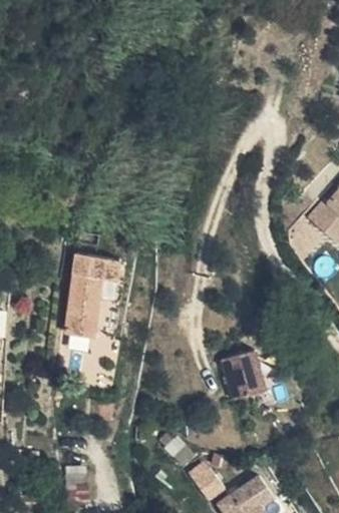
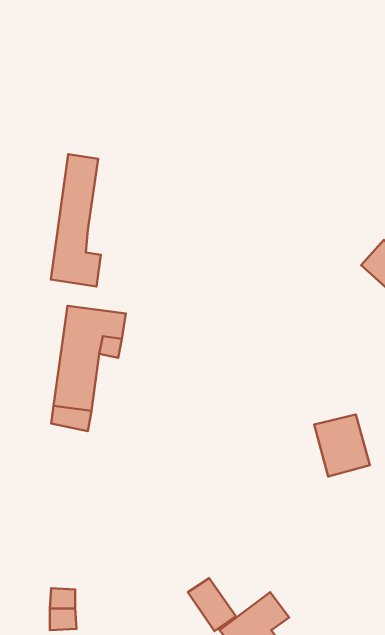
building: none -> [51,154,101,287]
building: [224,349,268,398] -> [314,414,370,476]

